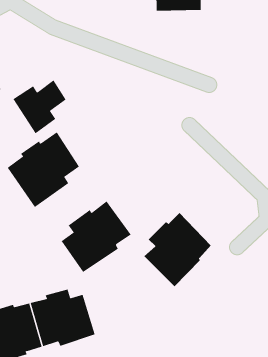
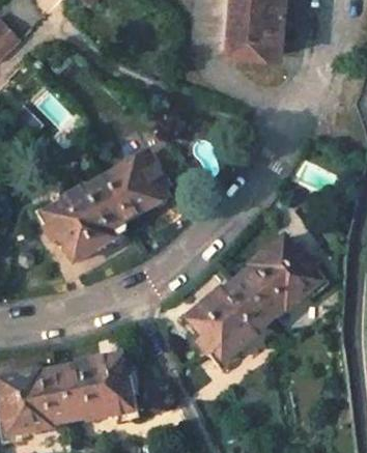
building: [12,79,66,134] -> [105,160,166,220]
building: none -> [236,247,319,320]
building: [61,201,131,273] -> none

